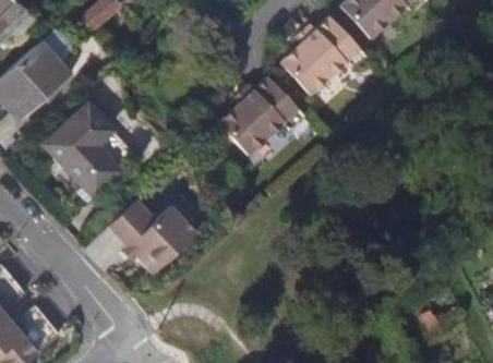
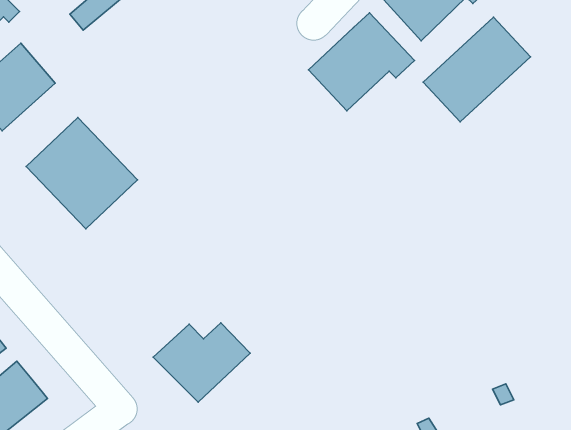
building: none -> [423,17,531,122]
building: [215,80,303,159] -> none
building: [108,197,188,263] -> [153,323,250,402]

